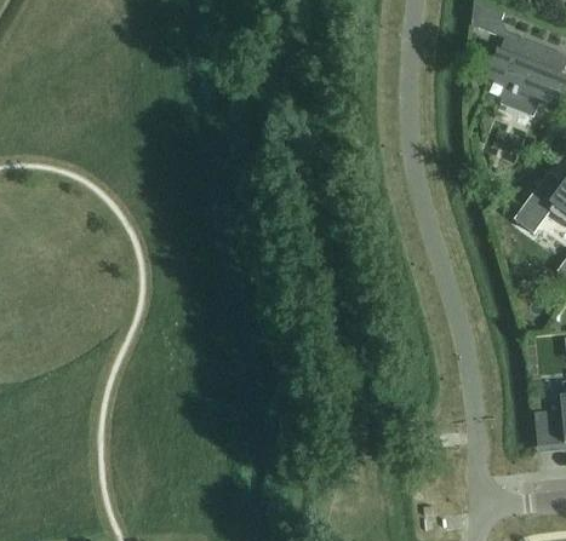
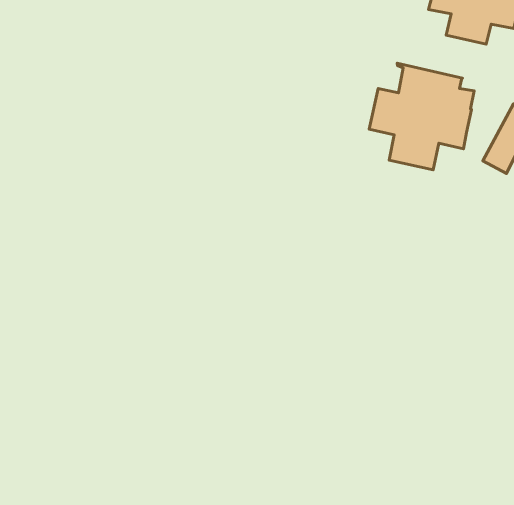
building: none -> [369,63,474,170]

